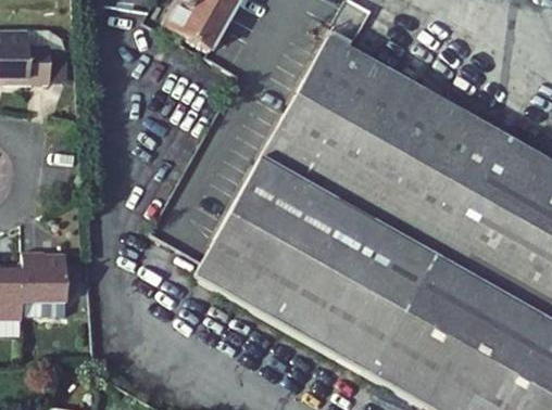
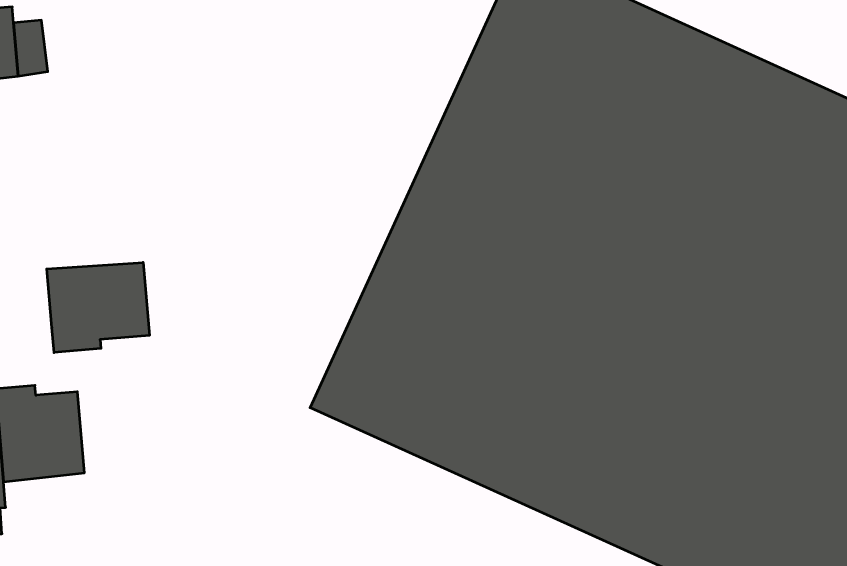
building: none -> [47,262,149,353]

